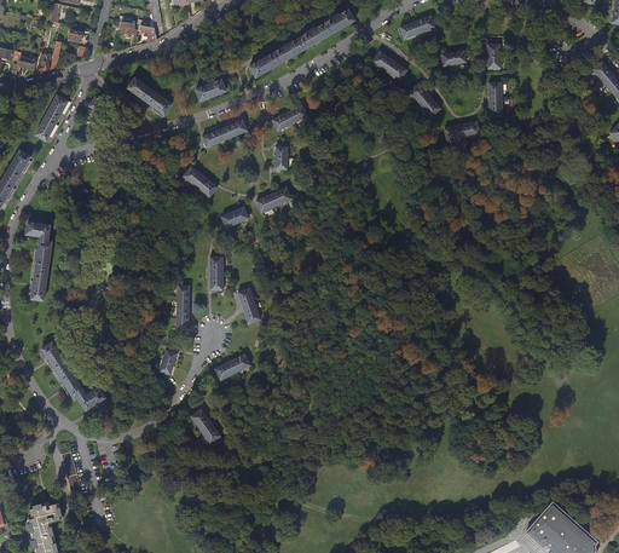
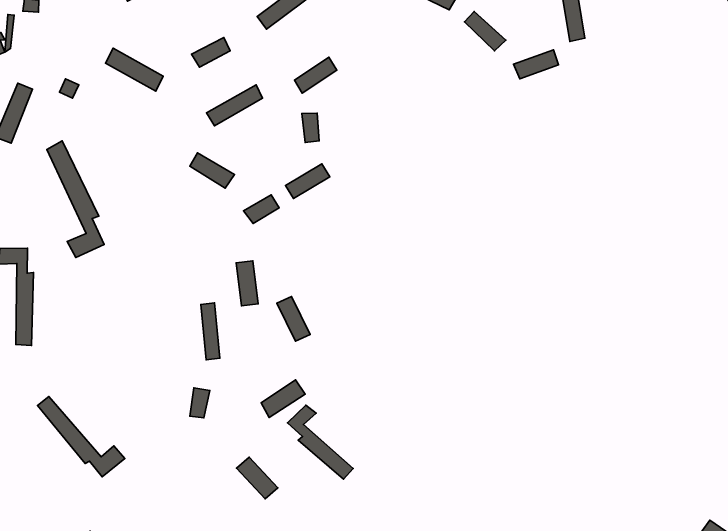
building: none -> [47,141,104,257]
building: none -> [288,405,353,479]

